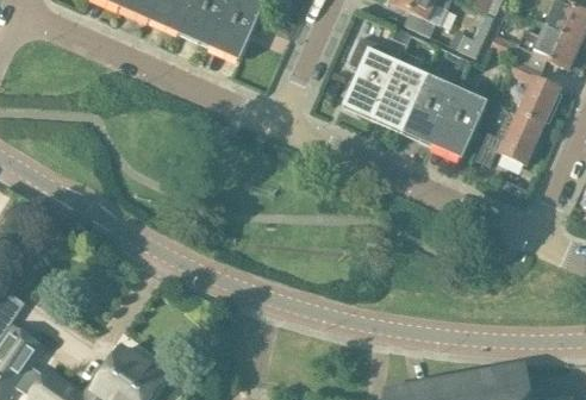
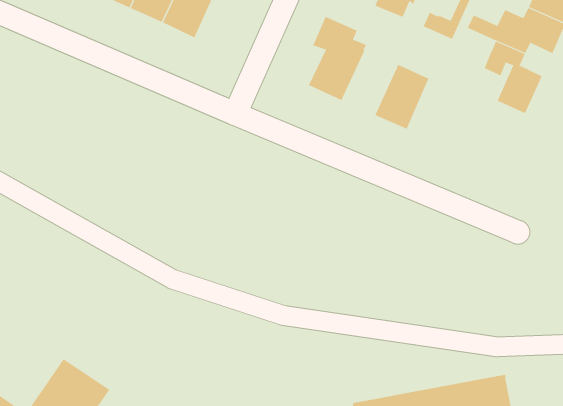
building: [374,67,425,126] -> none
building: [434,93,484,152] -> none
building: [475,113,542,165] -> none

